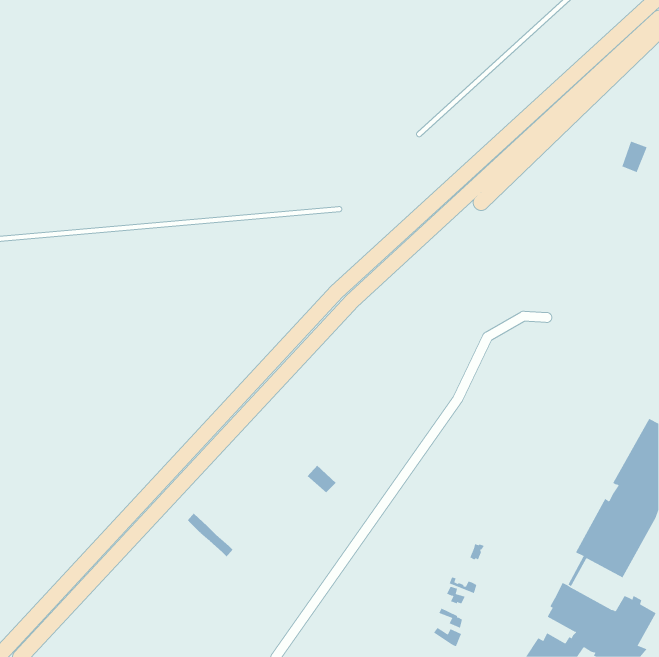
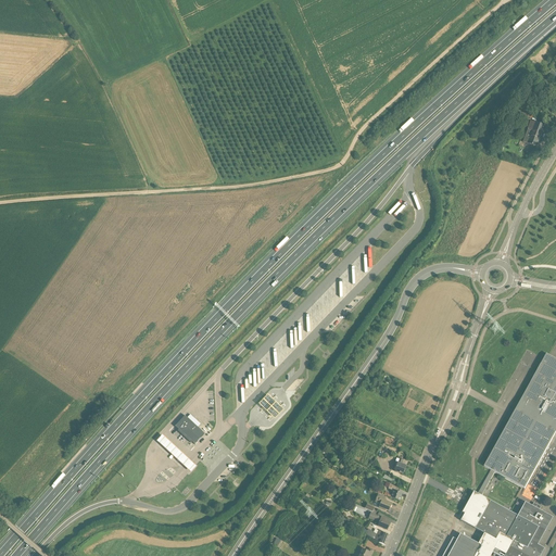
building: none -> [175,413,205,443]

